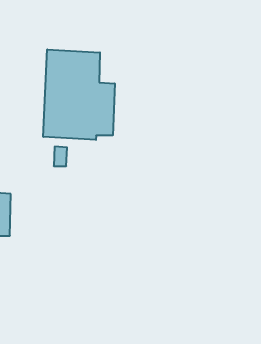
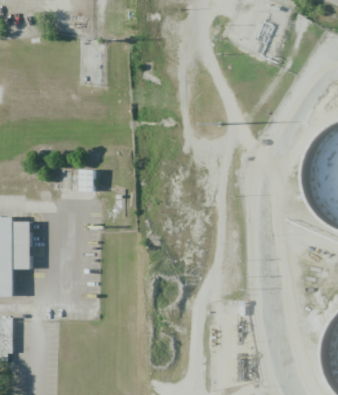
building: [43,49,115,140] -> none

